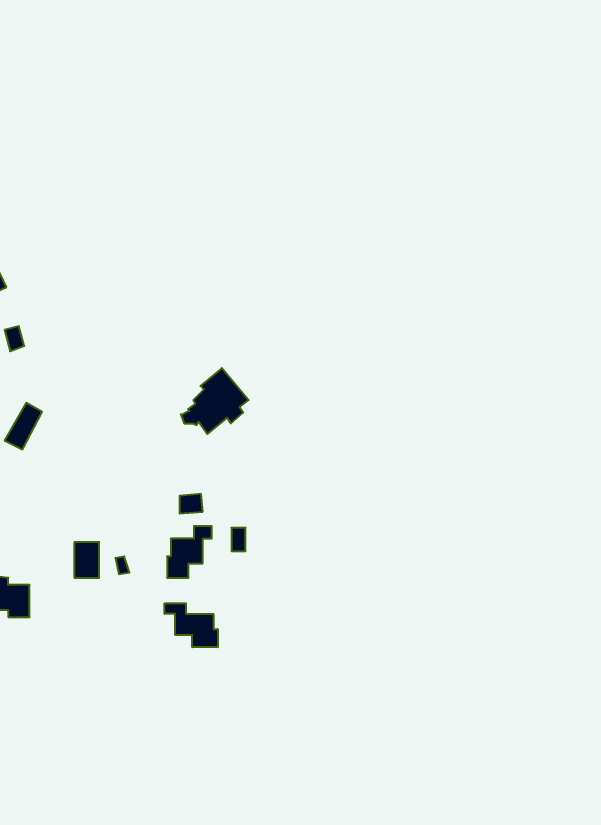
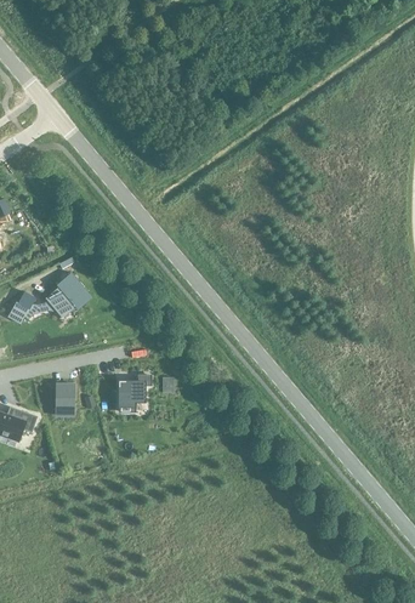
building: [181,368,249,434] -> [42,271,89,315]
building: [165,603,218,647] -> none

